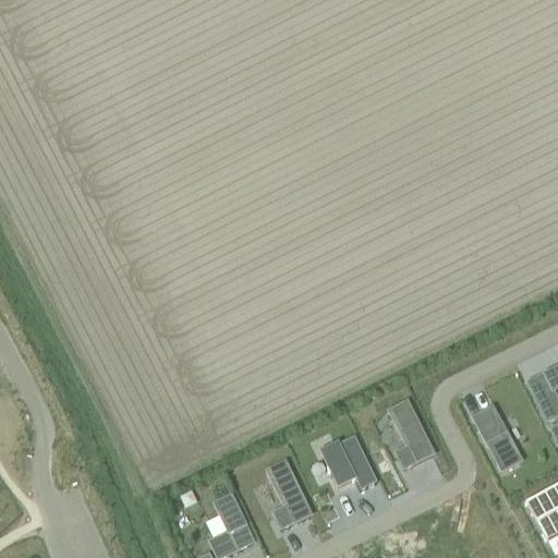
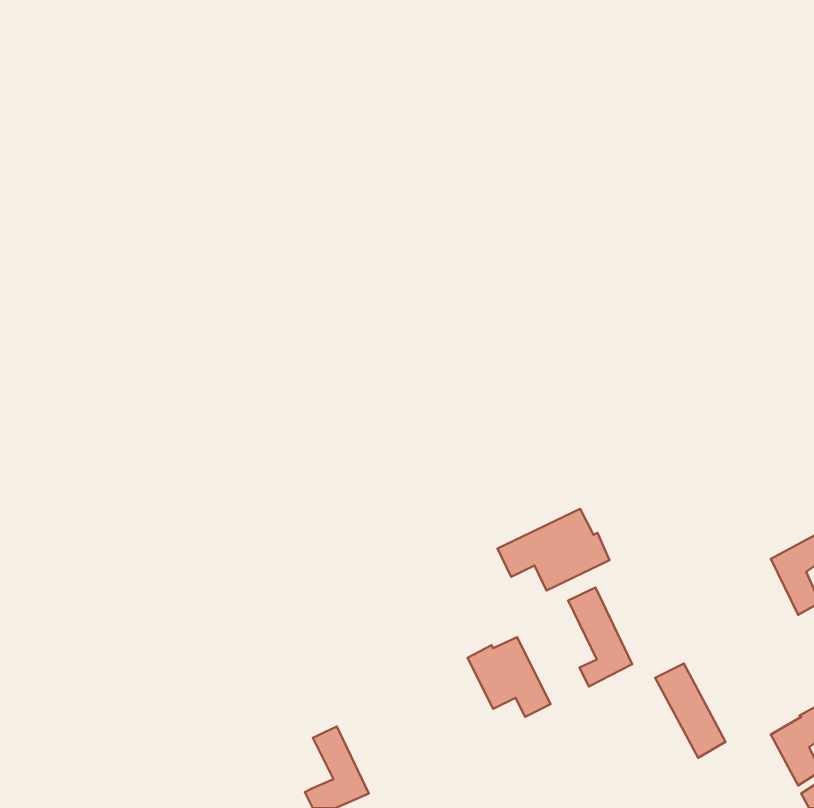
building: none -> [497,509,610,590]
building: [472,407,520,471] -> [655,664,725,758]
building: [267,461,311,529] -> none

